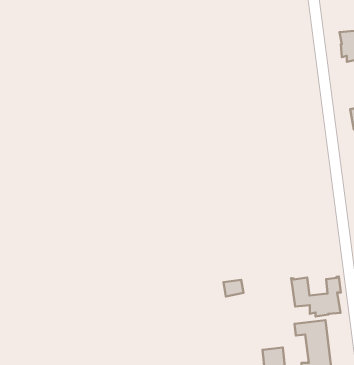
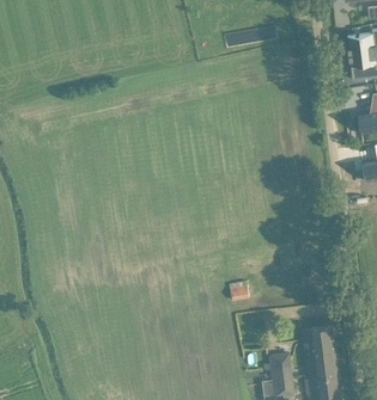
building: [291,276,341,317] -> none

